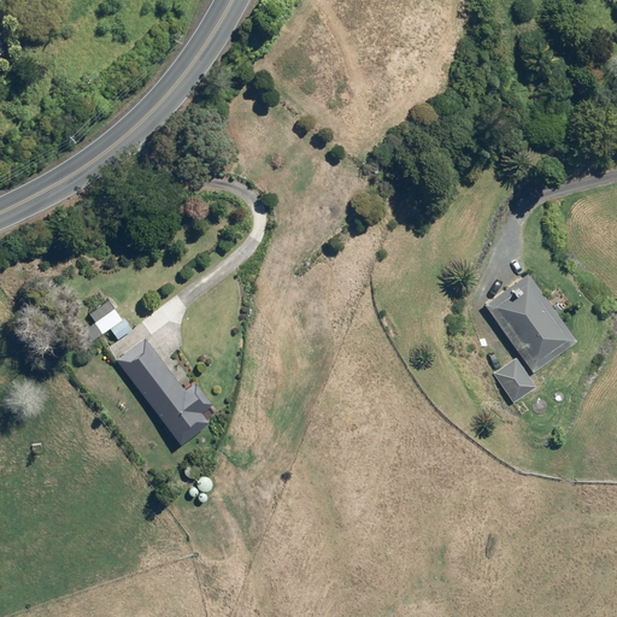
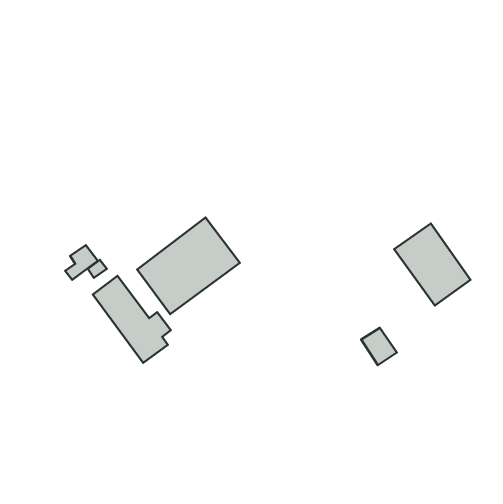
building: none -> [137,217,240,314]
building: [493,357,536,402] -> [361,328,397,365]

